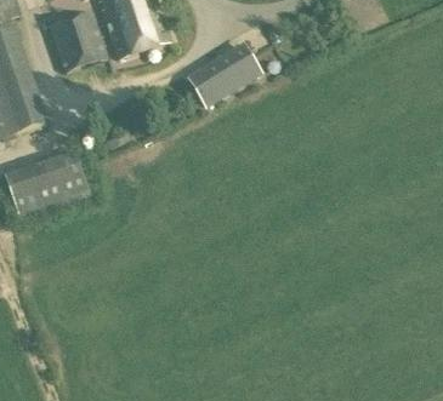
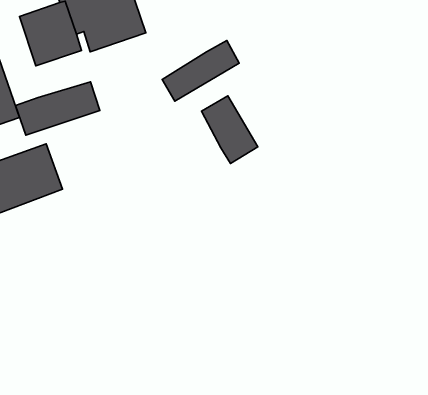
building: none -> [15,82,100,135]
building: none -> [201,96,258,163]

